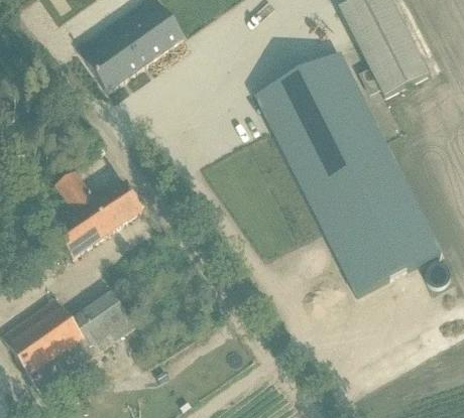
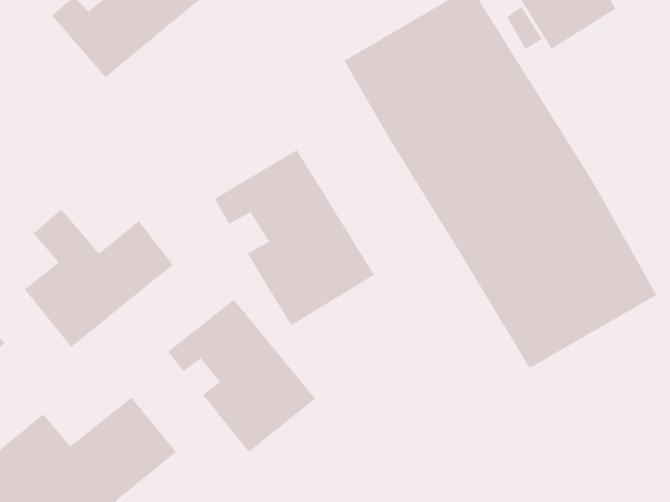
building: none -> [214,149,375,326]
building: none -> [167,299,316,453]

